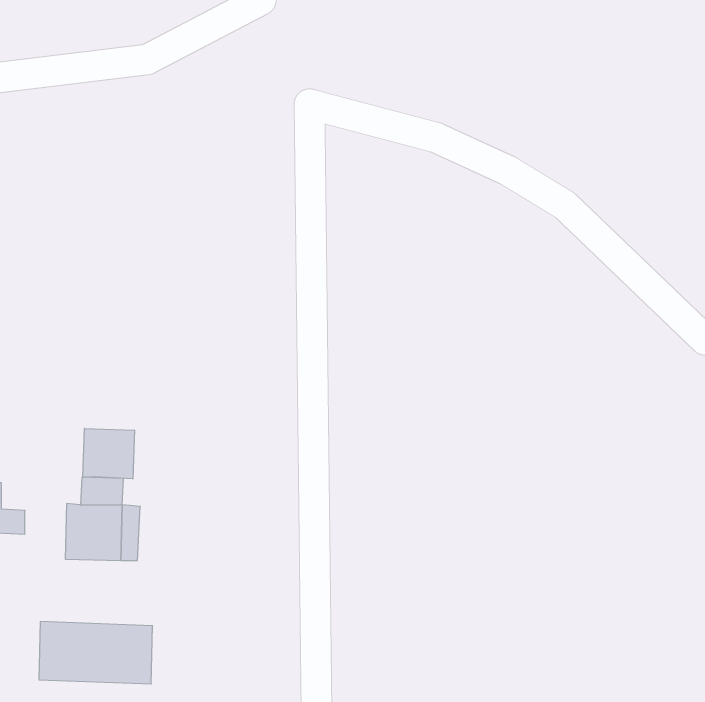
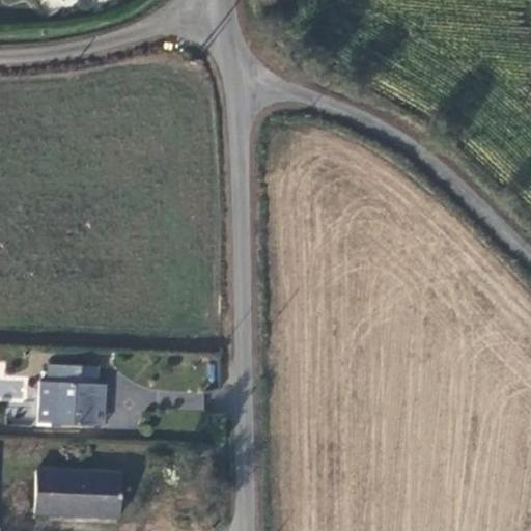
building: [83,428,134,479] -> none

